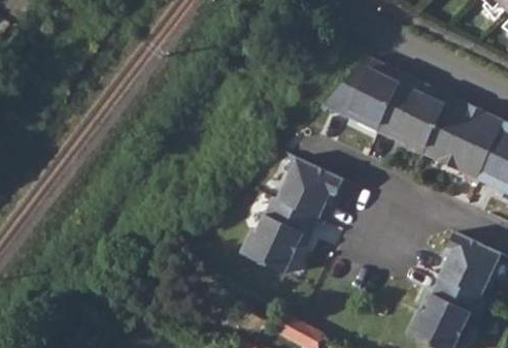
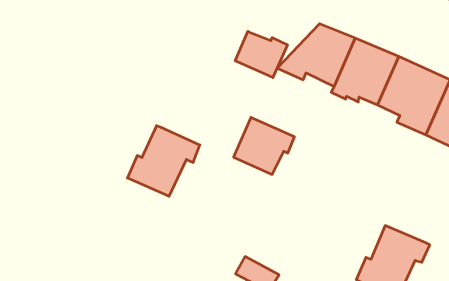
building: none -> [235,31,287,78]
building: [240,201,317,277] -> [127,126,200,196]
building: [438,232,500,295] -> none

